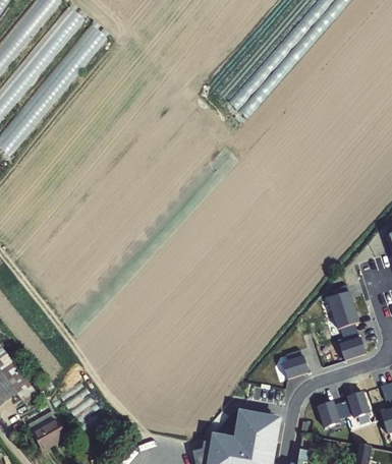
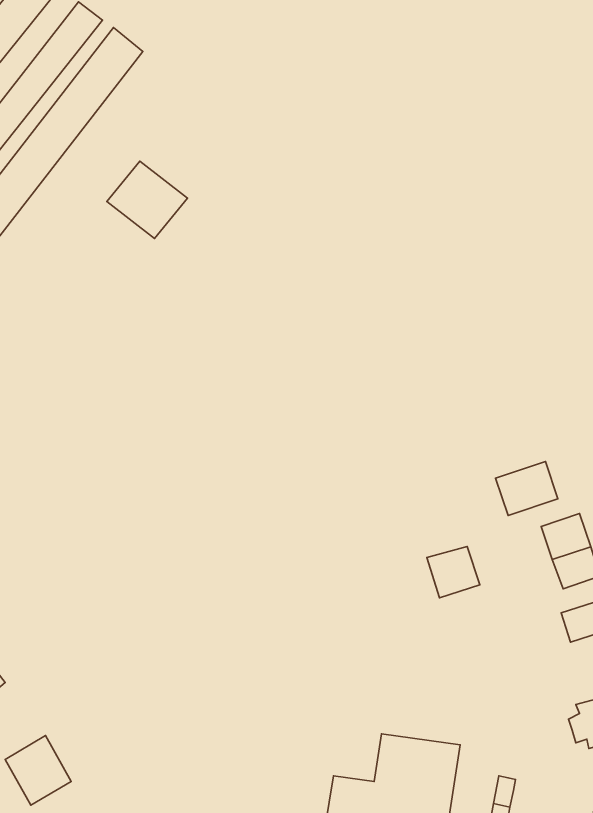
building: none -> [107,161,187,239]
building: none -> [496,461,558,515]
building: [280,350,310,379] -> [427,546,480,598]
building: [317,400,346,428] -> none

